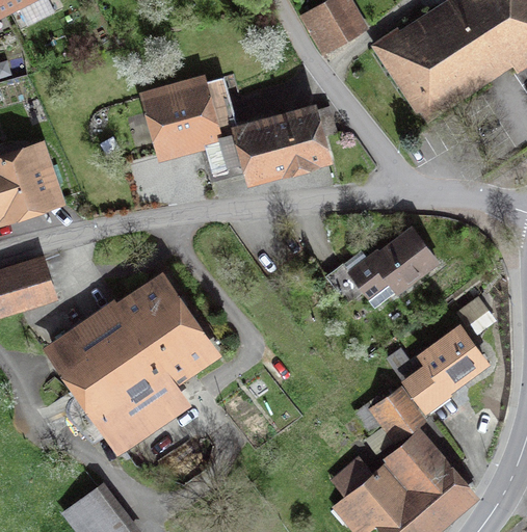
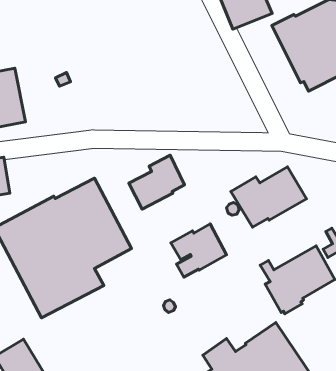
building: [138,73,334,186] -> none
building: none -> [129,155,185,209]
building: [353,383,427,456] -> [171,224,227,277]

